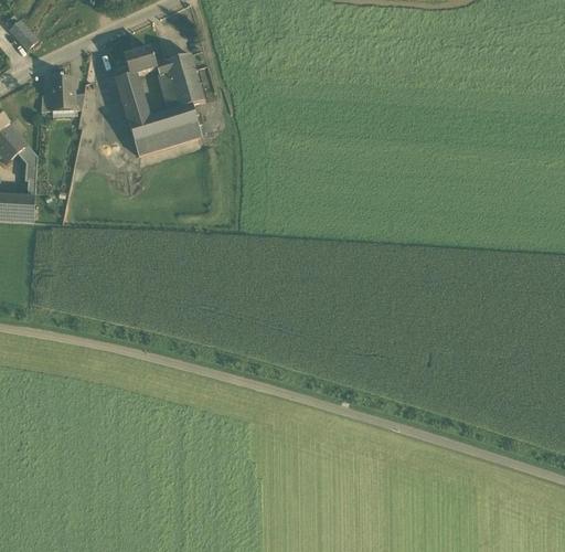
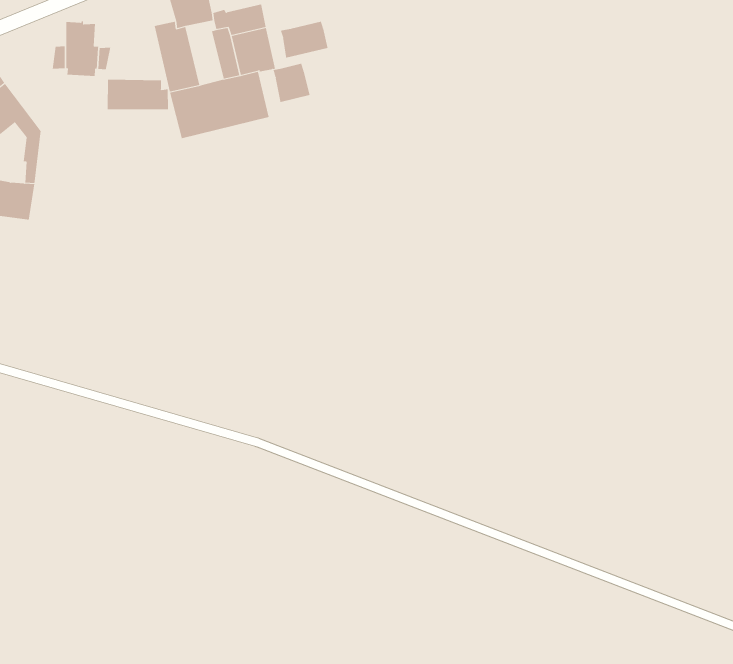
building: none -> [280,21,328,58]
building: none -> [273,63,310,103]
building: none -> [107,79,168,110]

